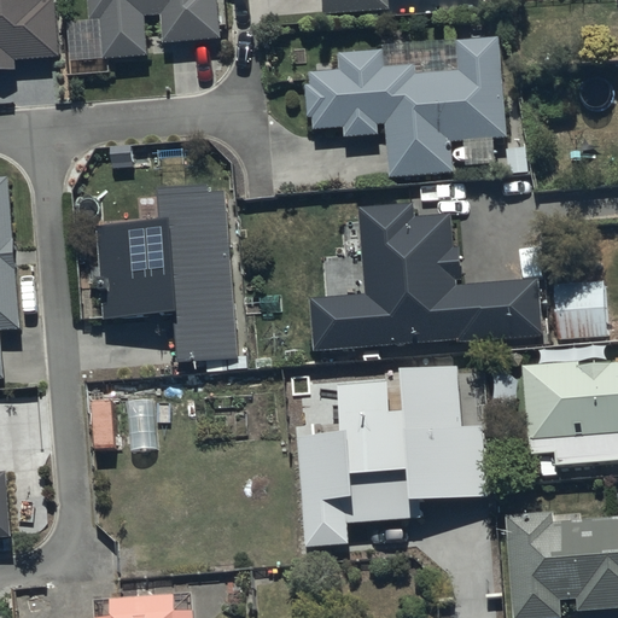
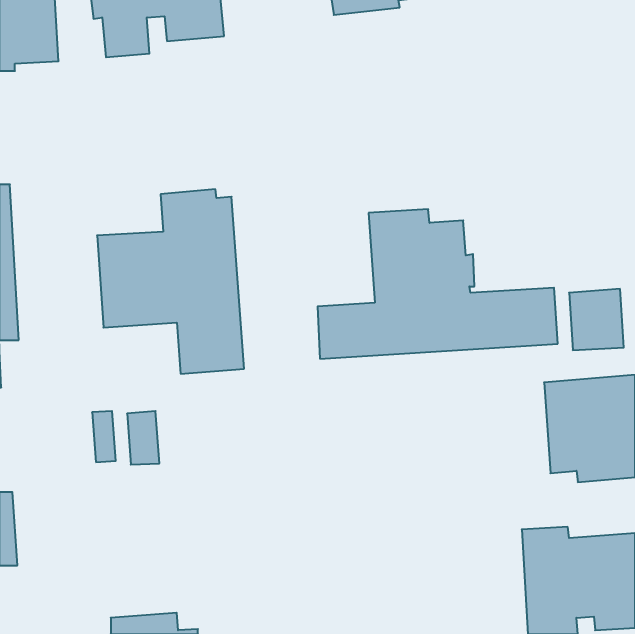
building: [305,37,505,175] -> none
building: [295,367,489,548] -> none

